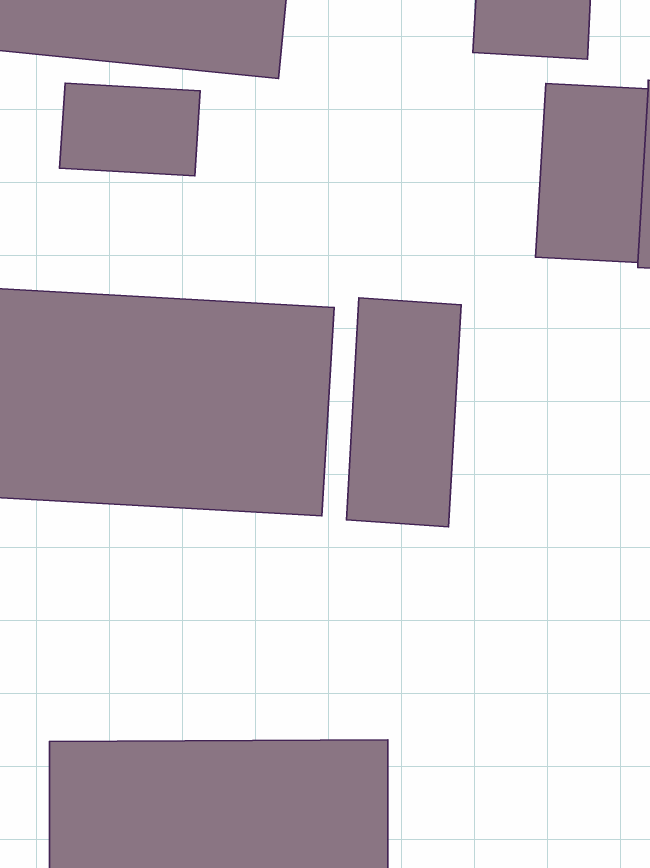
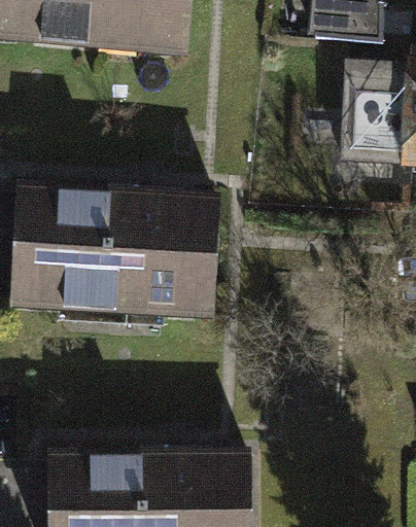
building: [60,83,200,176] -> none
building: [346,298,461,527] -> none

